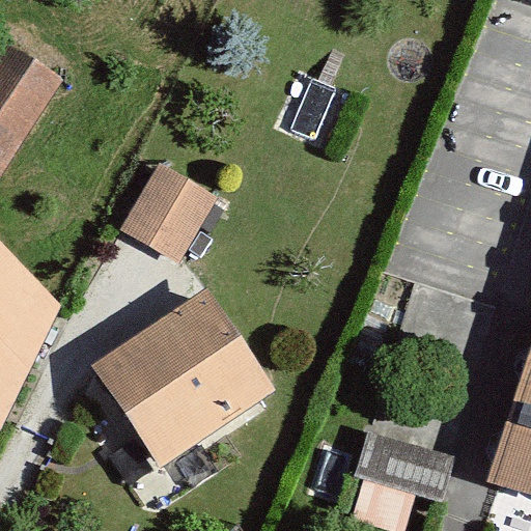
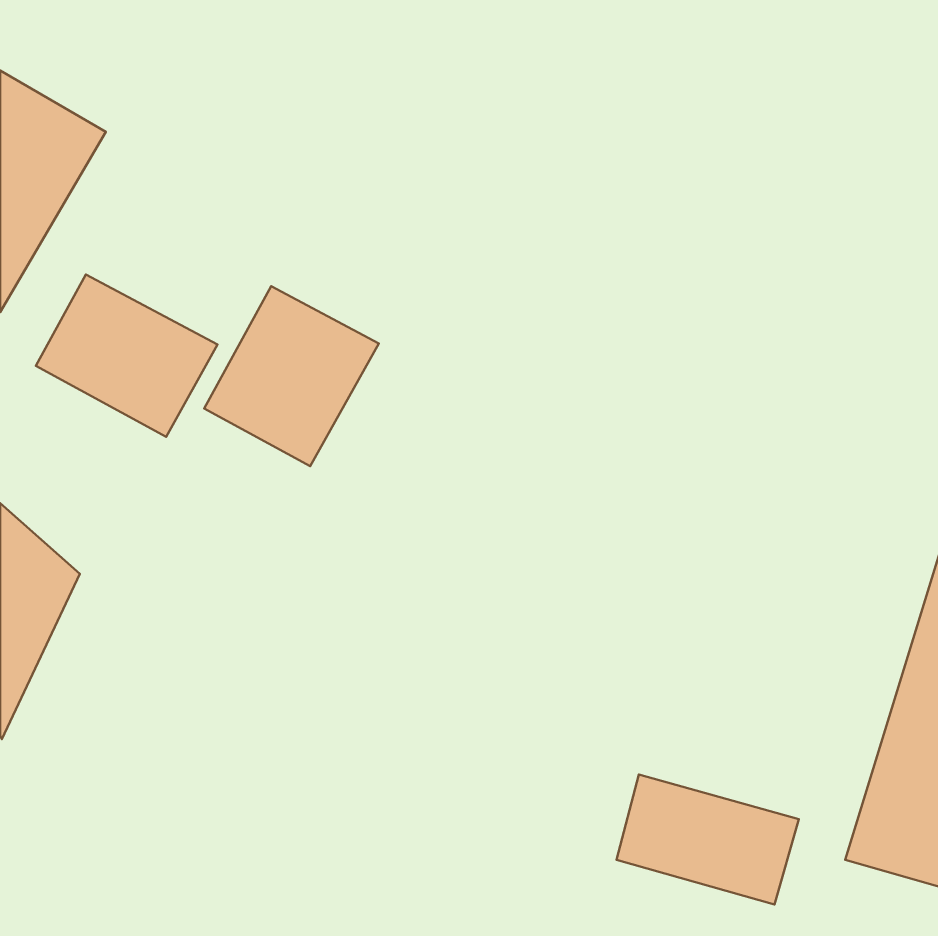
building: none -> [36,274,218,437]
building: [100,300,261,469] -> none

